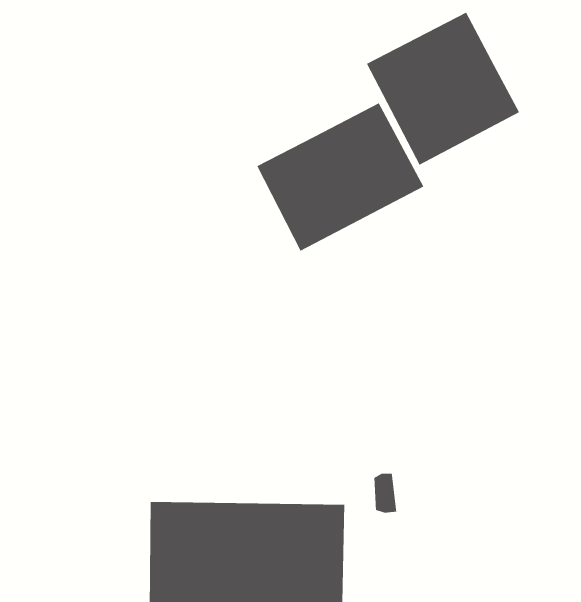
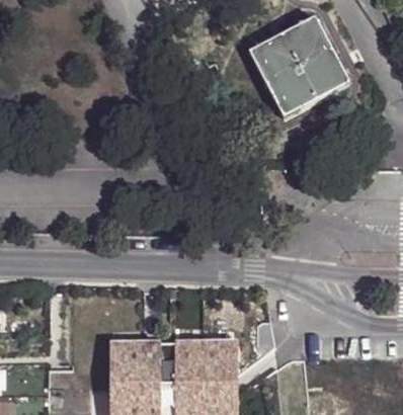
building: [256,102,424,252] -> none

